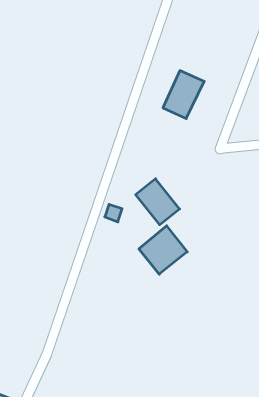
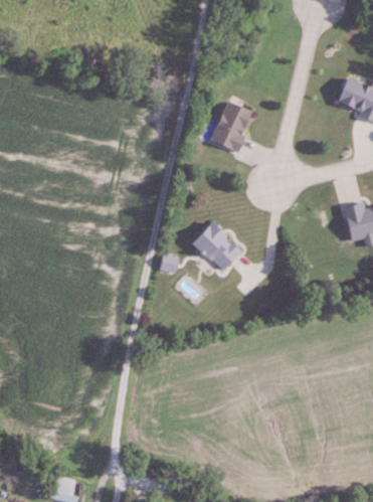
building: [139,226,187,274] -> none

